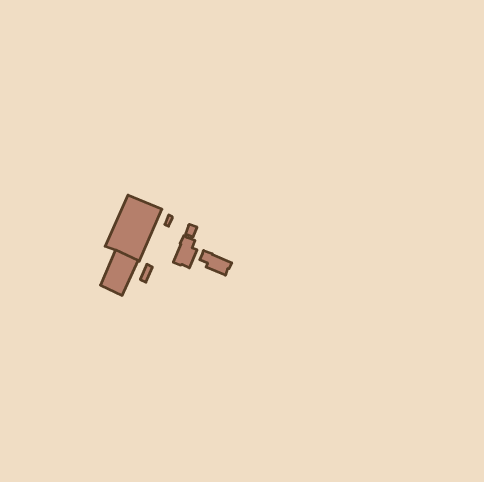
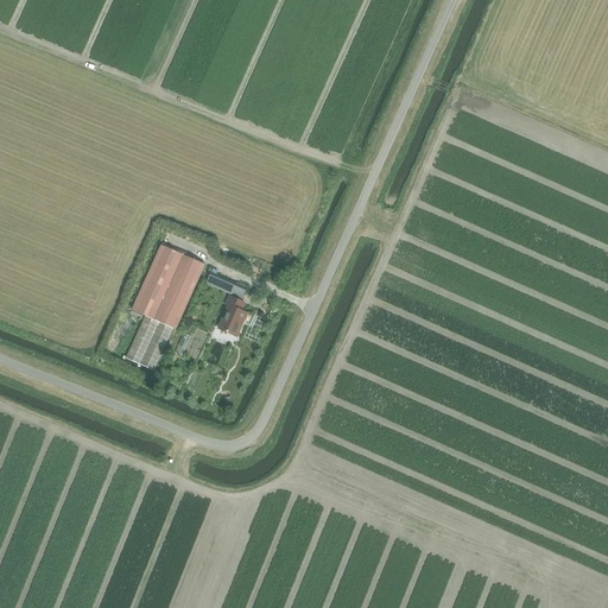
building: [200,250,232,275] -> none

